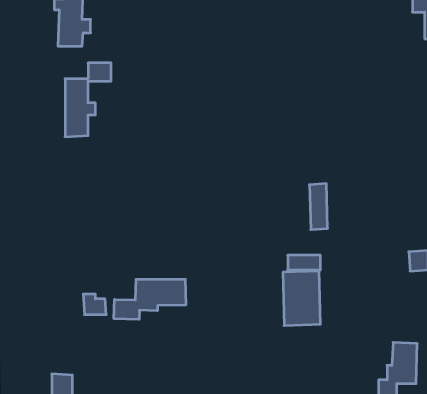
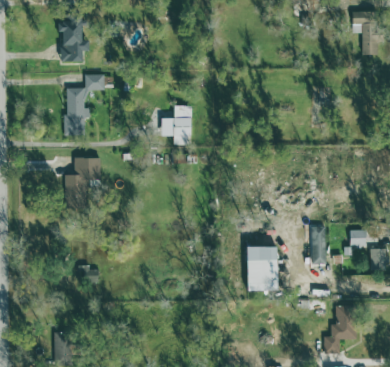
building: none -> [161,106,192,145]
building: none -> [66,158,101,209]
building: [309,184,328,230] -> [312,226,327,264]
building: [114,279,186,319] -> none

